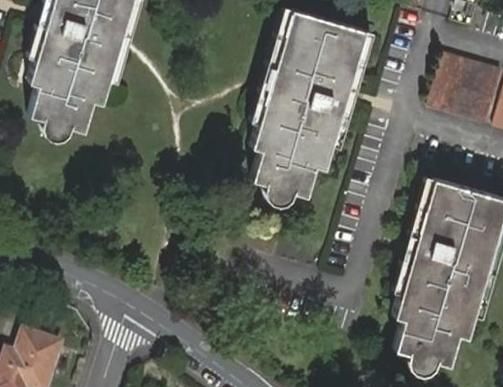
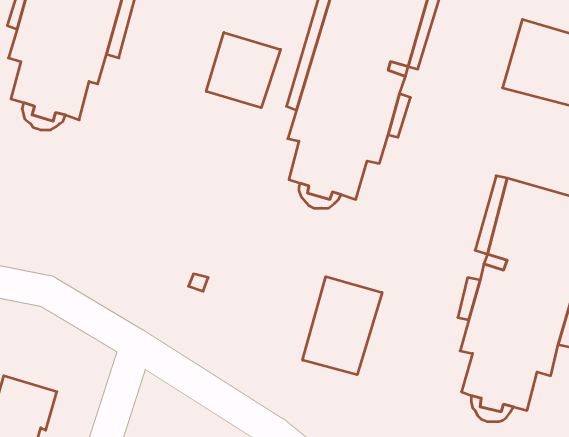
building: none -> [206,32,281,108]
building: none -> [303,277,382,375]

